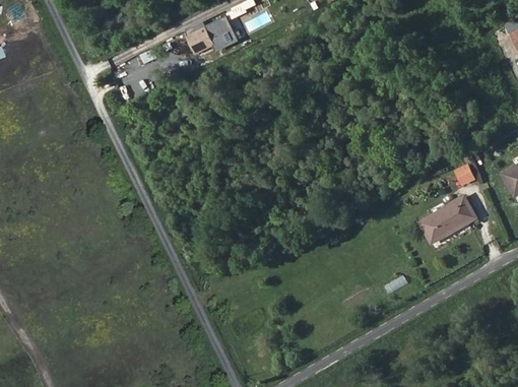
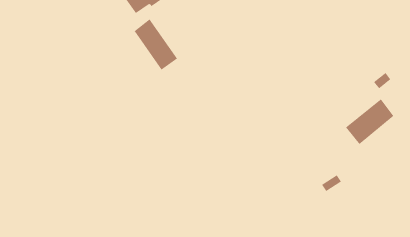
building: none -> [134,19,178,70]

